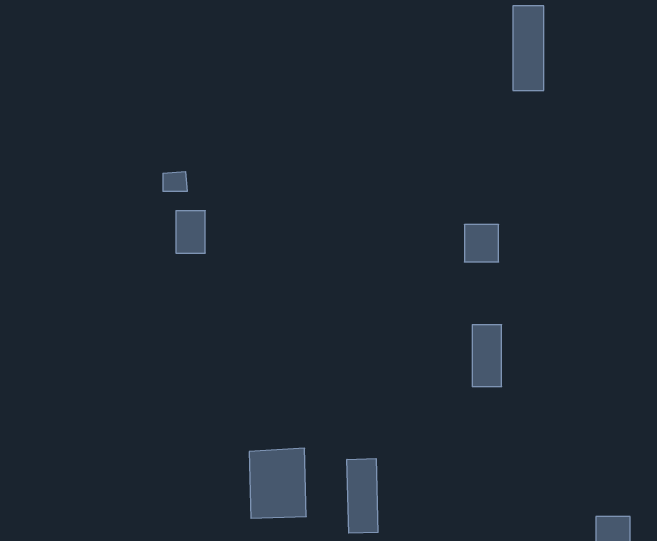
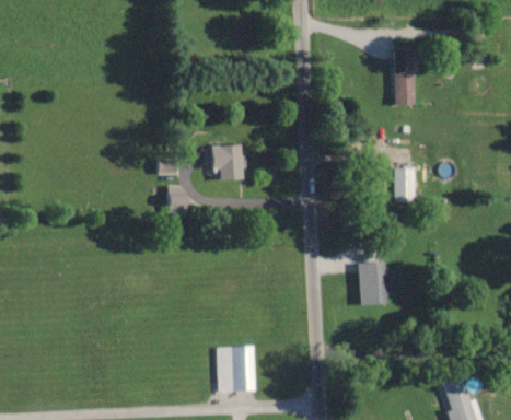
building: none -> [211,144,242,180]
building: [464,225,499,262] -> [392,167,415,192]
building: [347,459,378,533] -> none

